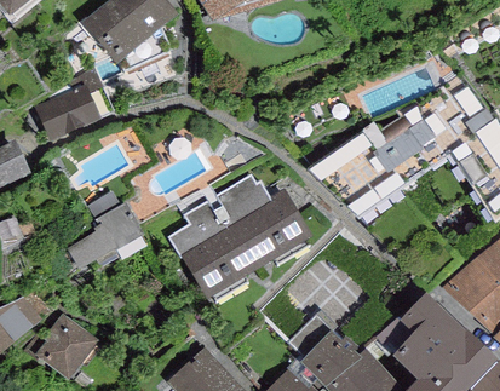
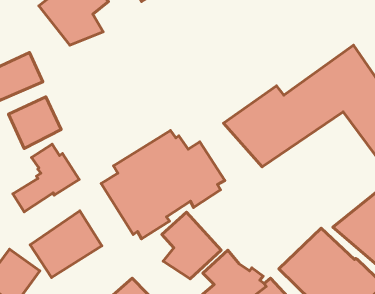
building: none -> [8,97,61,148]
building: none -> [30,211,102,278]
building: none -> [162,212,221,279]

